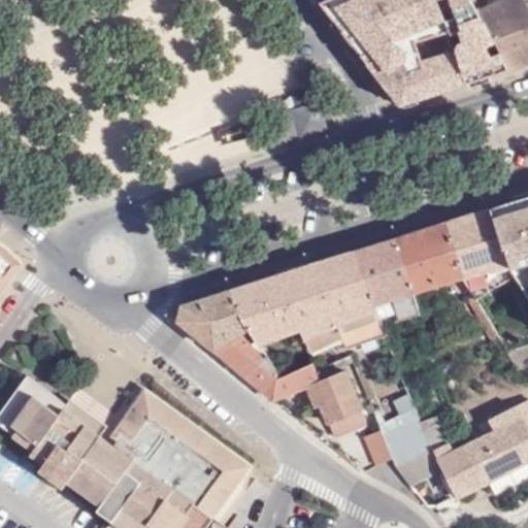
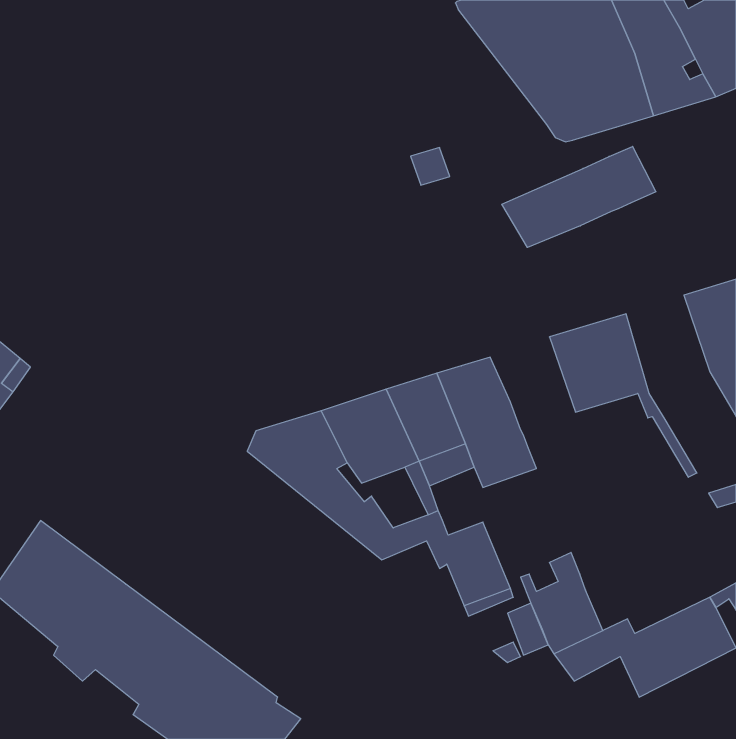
building: none -> [502,146,656,247]
building: [447,210,506,299] -> none
building: [350,240,418,323] -> none
building: [109,386,257,513] -> none

